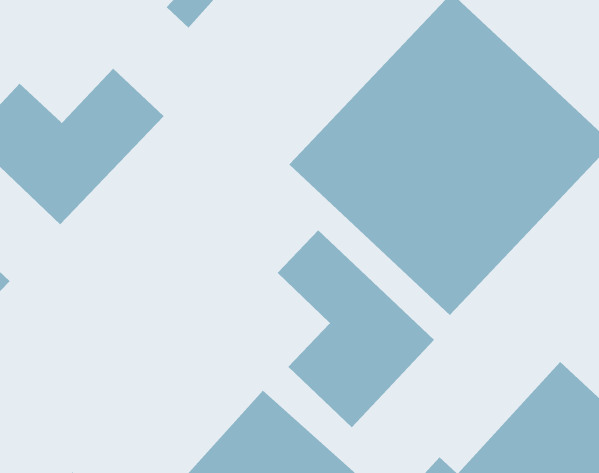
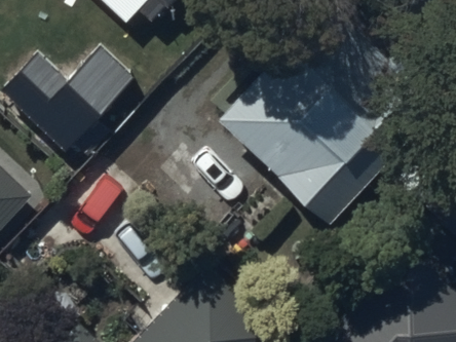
building: [277,229,435,428] -> none

